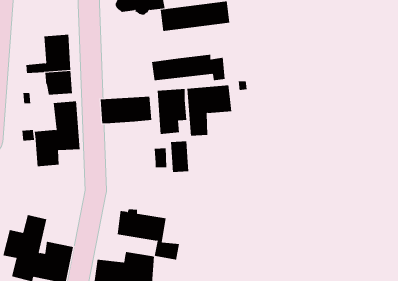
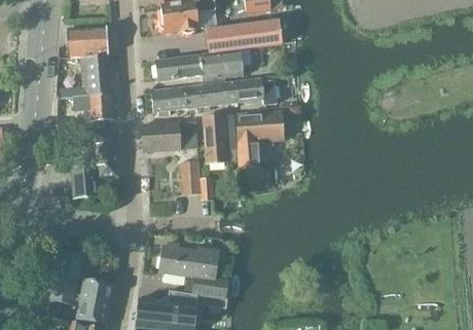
building: none -> [67,26,108,57]
building: none -> [154,48,244,83]
building: none -> [151,84,199,111]
building: [170,141,189,172] -> [180,160,201,194]

